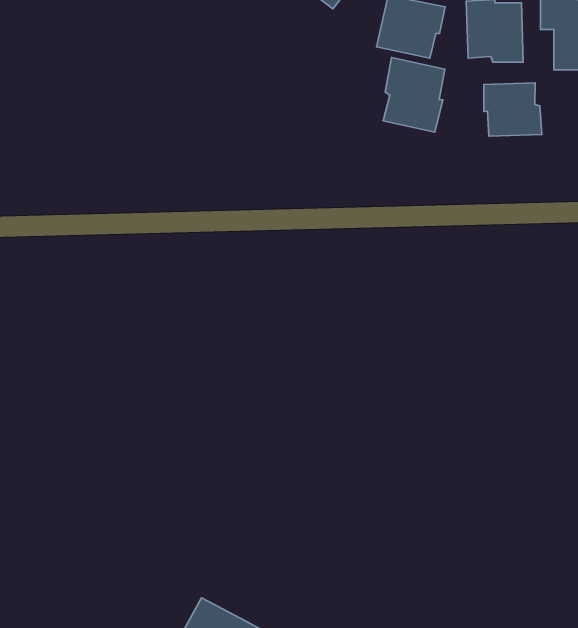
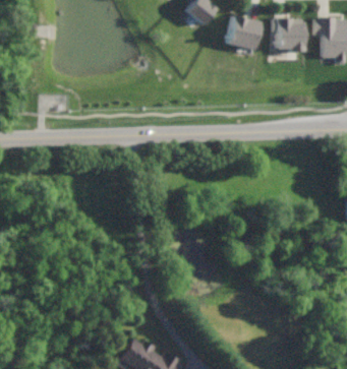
building: [383,58,445,132] -> none
building: [484,83,542,136] -> none

